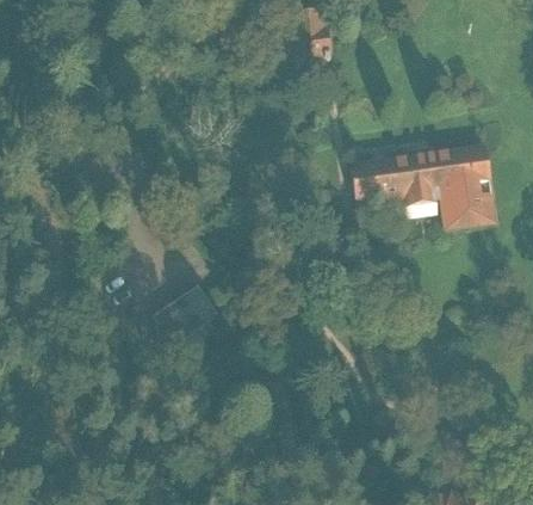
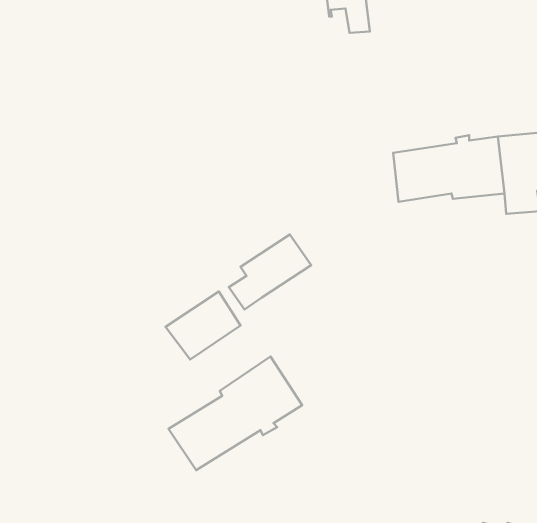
building: none -> [229,235,311,310]
building: none -> [169,357,302,470]

